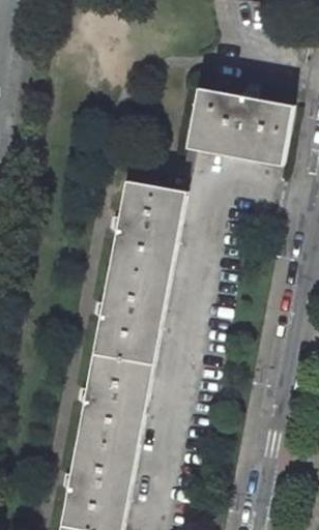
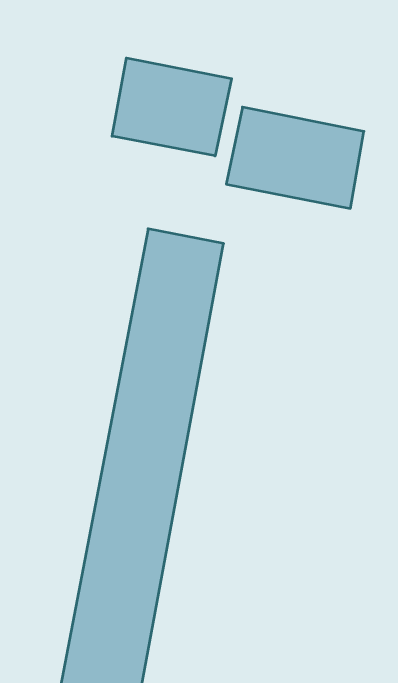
building: none -> [112,58,232,156]

